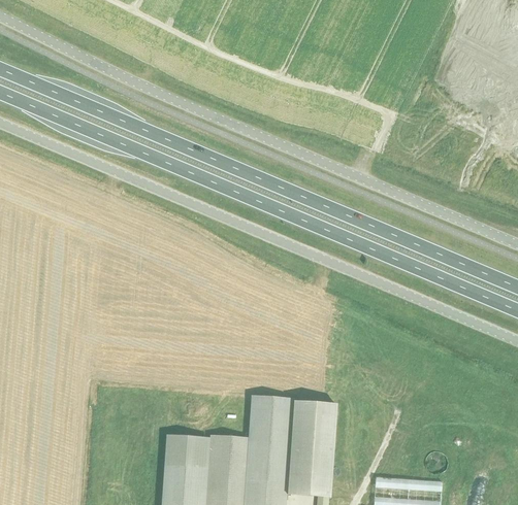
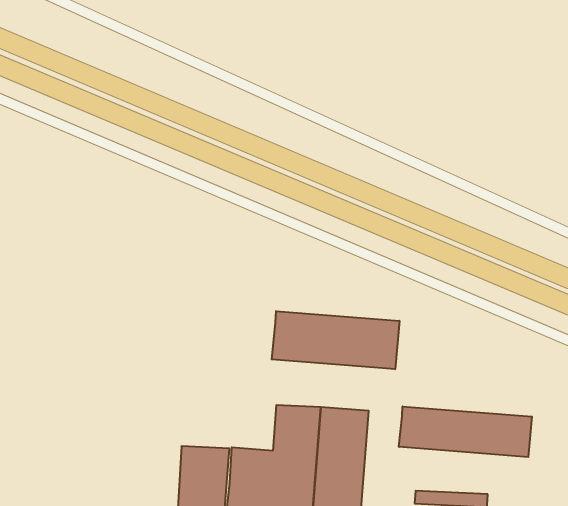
building: none -> [272,311,399,369]
building: none -> [399,406,532,457]

